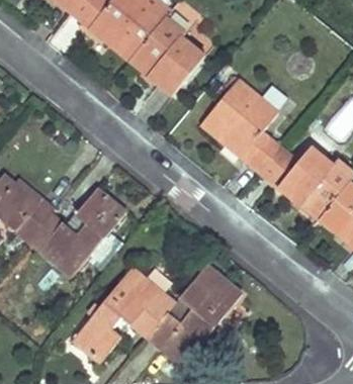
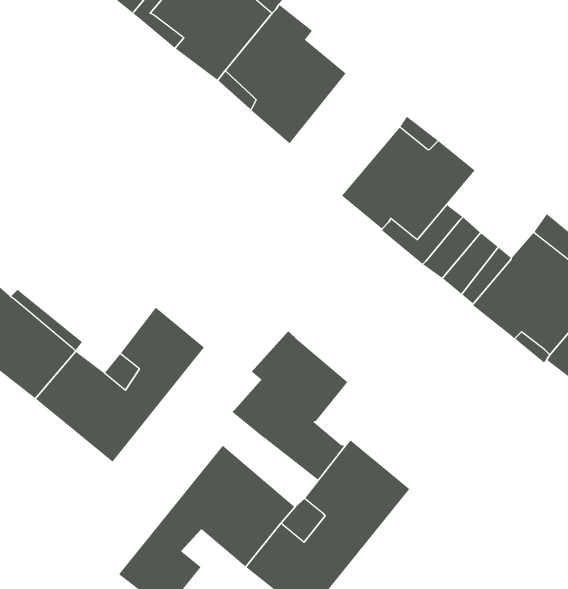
building: none -> [231,331,348,480]

